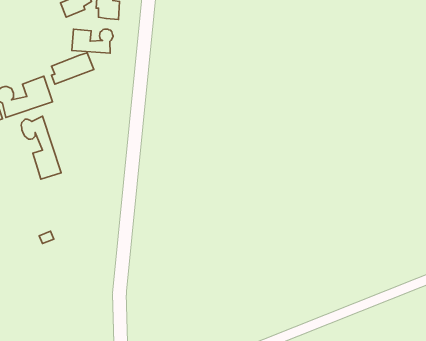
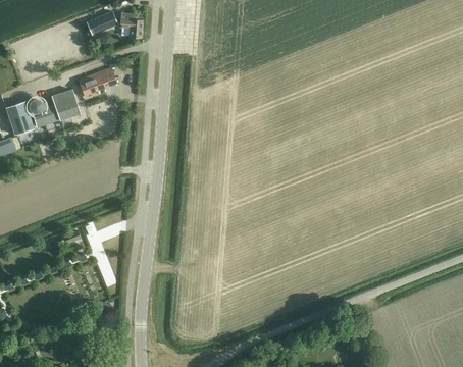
building: [72,29,113,53] -> none
building: [21,116,61,179] -> none

